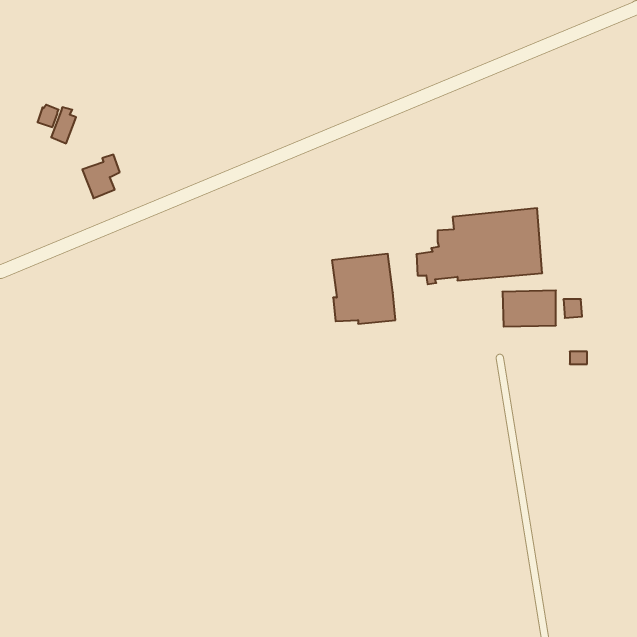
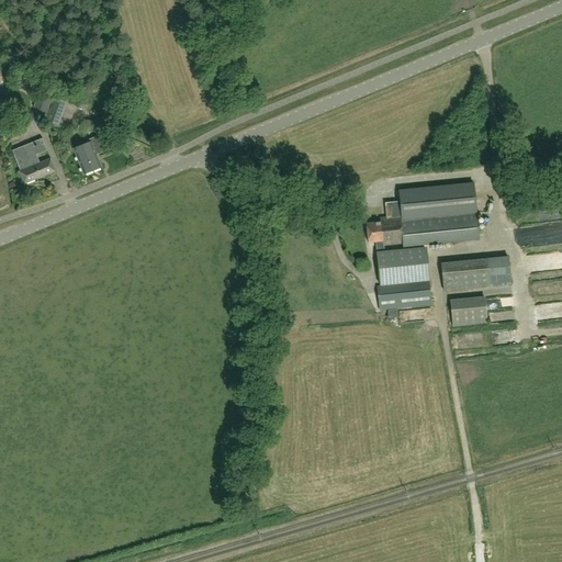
building: none -> [12,139,55,183]
building: [332,254,395,324] -> [375,247,431,308]
building: none -> [449,294,487,326]

